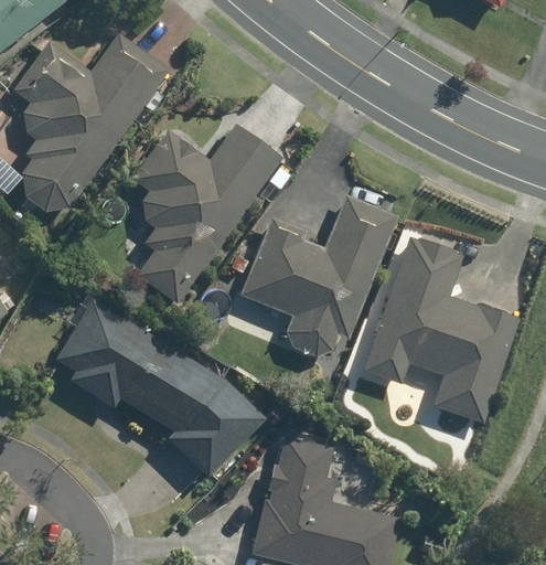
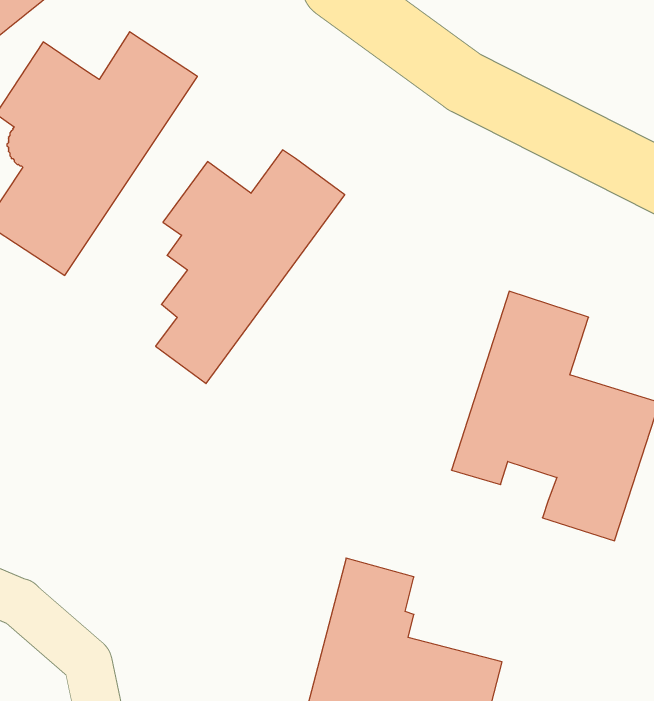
building: [238,198,397,354] -> none
building: [53,299,265,476] -> none

